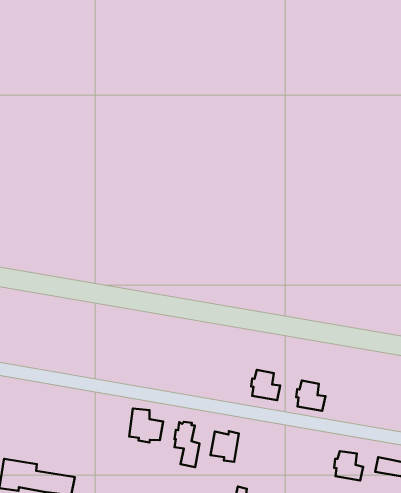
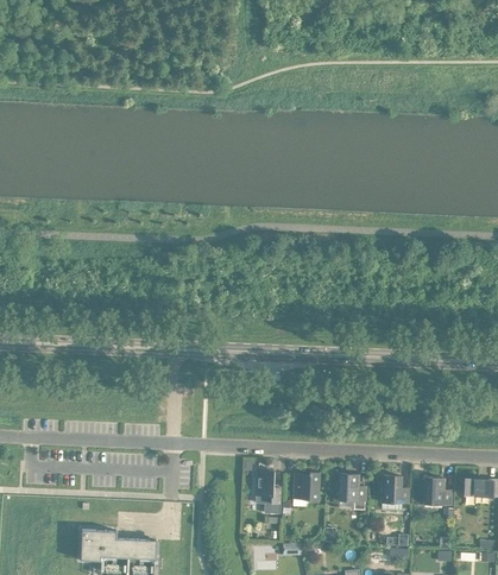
building: [251,370,280,400] -> [336,473,366,501]
building: [296,380,325,411] -> [379,475,409,504]
building: [129,409,163,442] -> none

